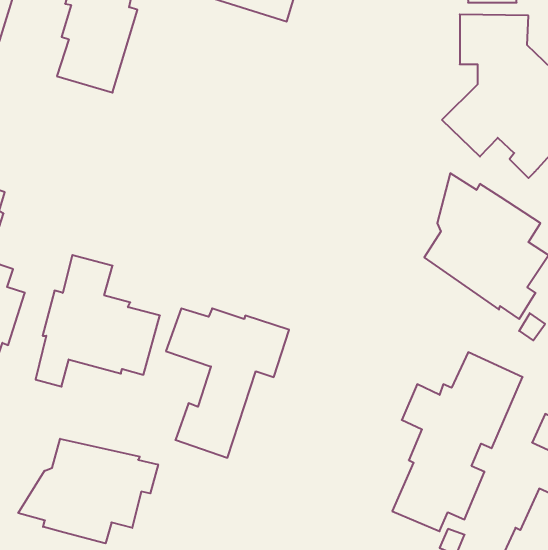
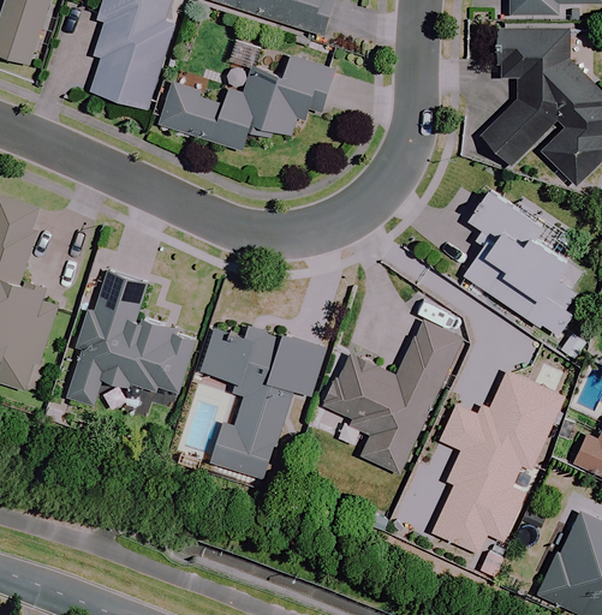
building: none -> [157,55,334,150]
building: none -> [321,320,461,472]
building: [18,439,158,543] -> none

